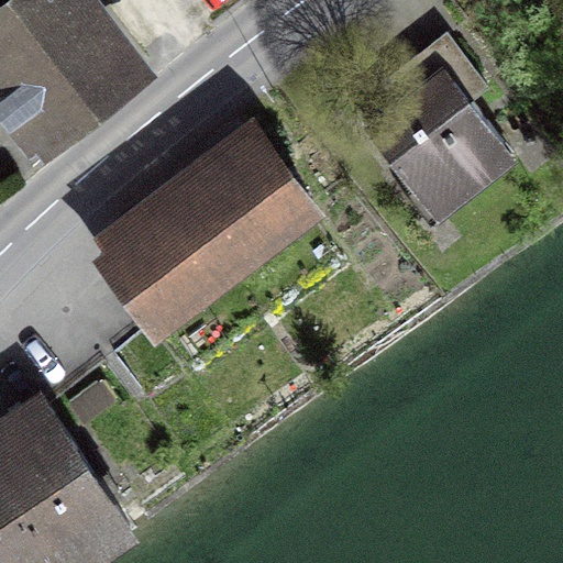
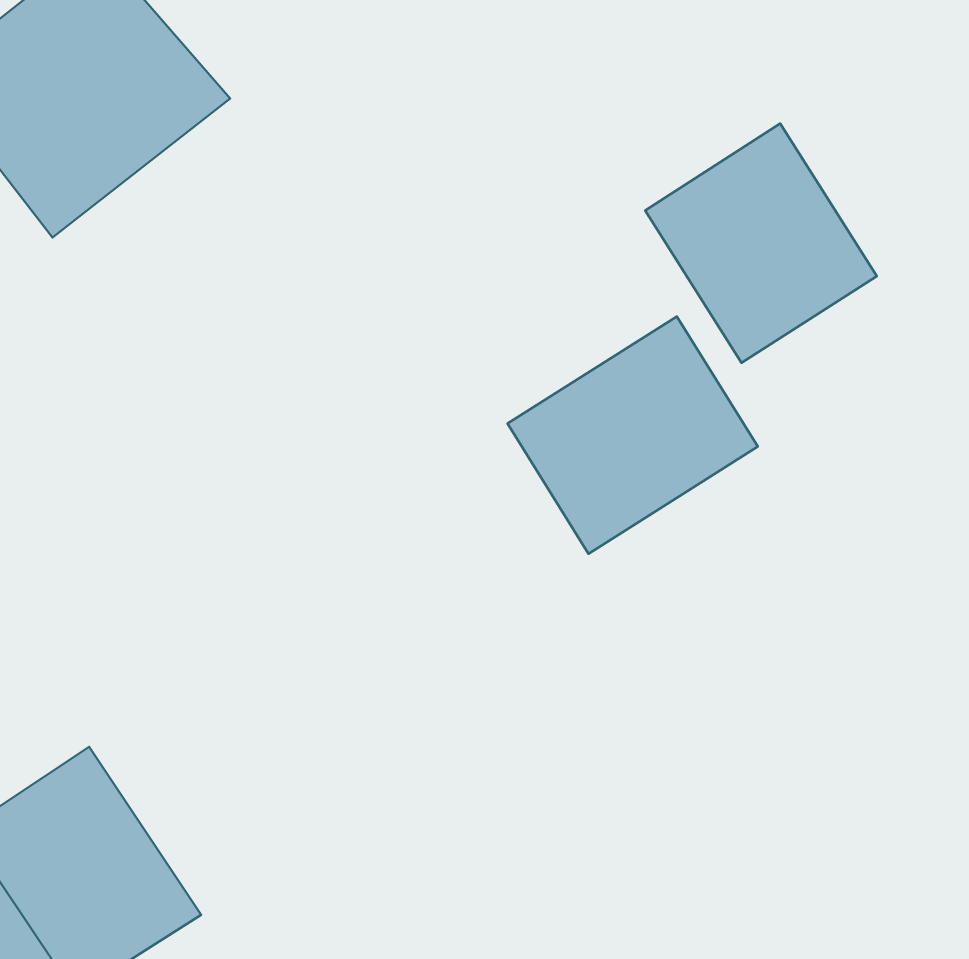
building: [110,145,313,324] -> none
building: none -> [508,317,758,554]

